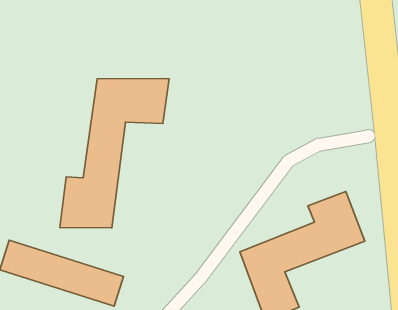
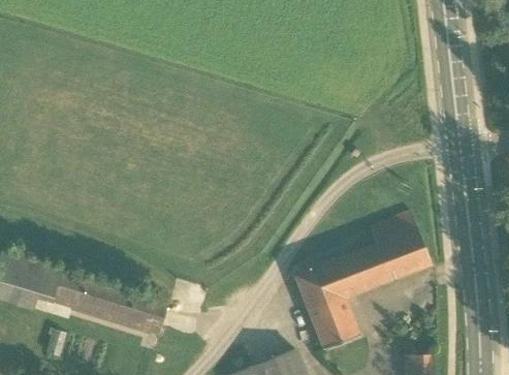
building: [60,79,169,228] -> none

